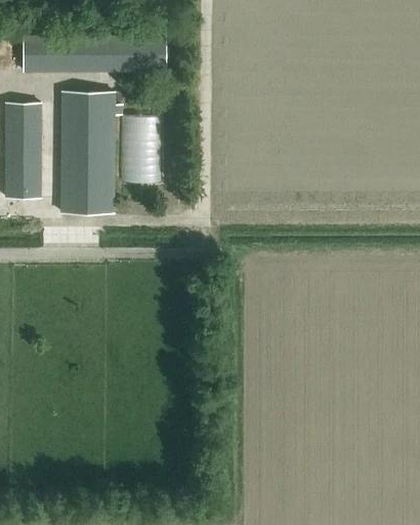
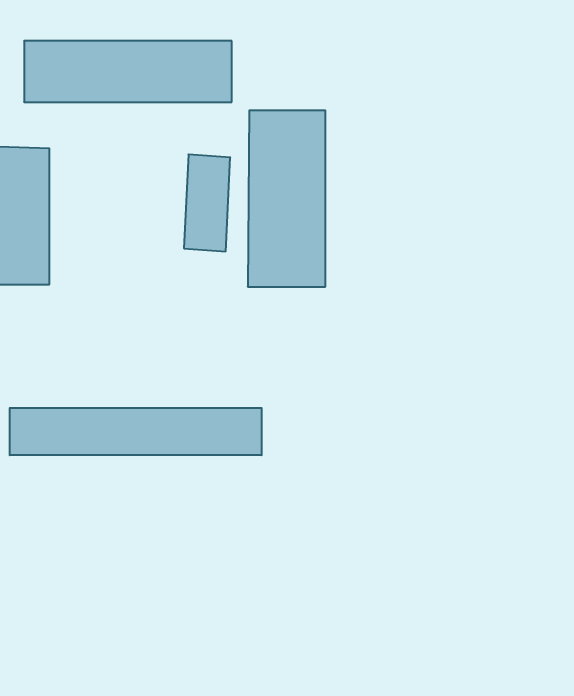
building: [61,92,115,213] -> [248,110,325,287]
building: none -> [10,408,262,455]

